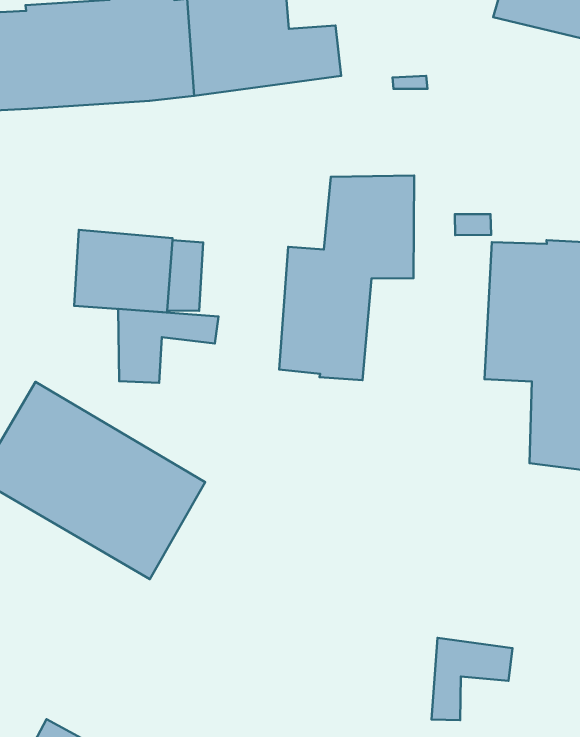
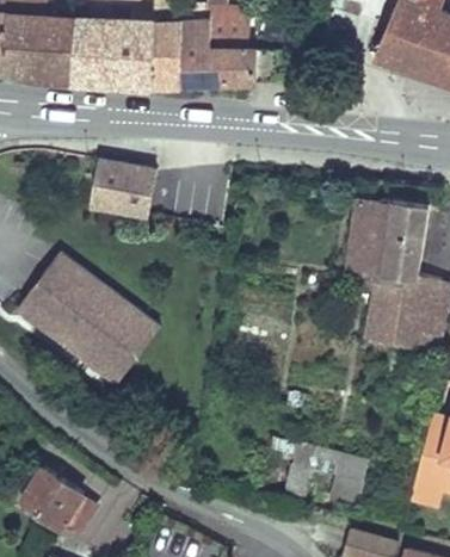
building: [279,176,414,380] -> none
building: [118,309,219,383] -> none
building: none -> [329,456,368,507]

